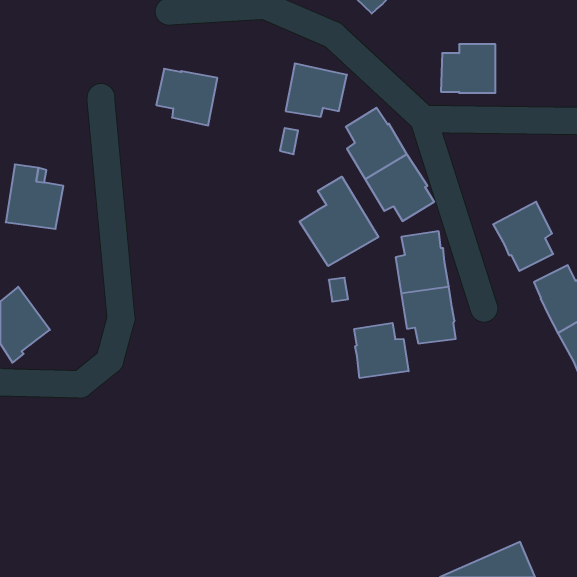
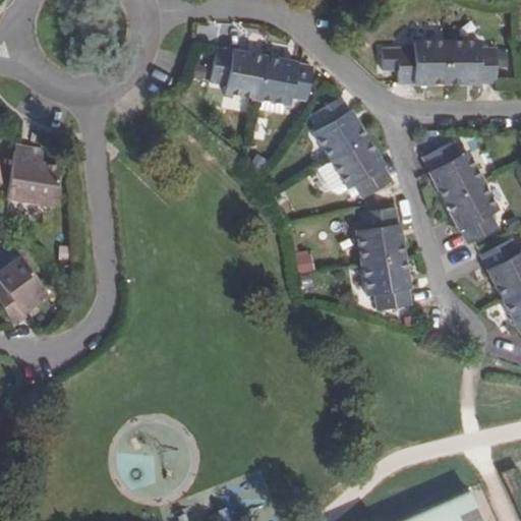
building: none -> [447,40,496,83]
building: [156,69,217,125] -> [212,49,267,100]
building: none -> [423,140,483,201]
building: [300,177,378,266] -> none
building: [354,323,409,378] -> none

